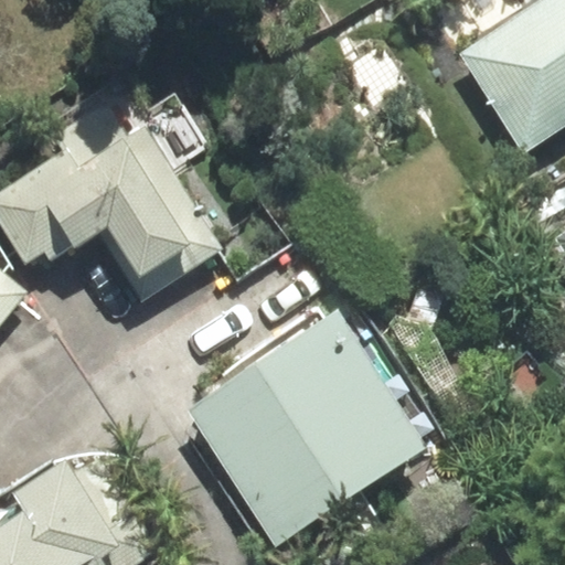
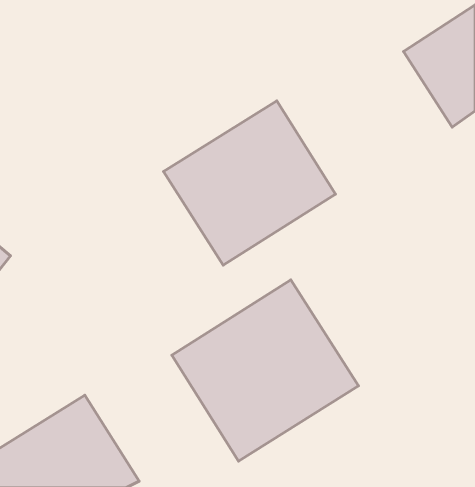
building: [6,110,216,305] -> none
building: none -> [164,101,335,265]

